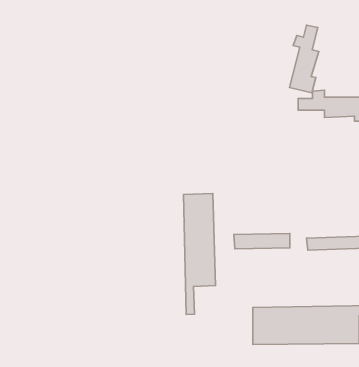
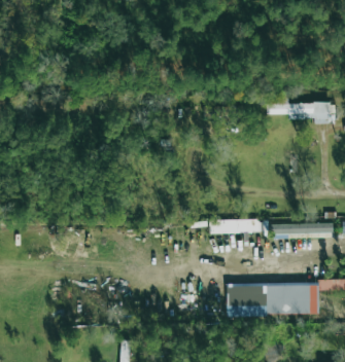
building: [289,25,319,93] -> none
building: [184,193,215,315] -> none

